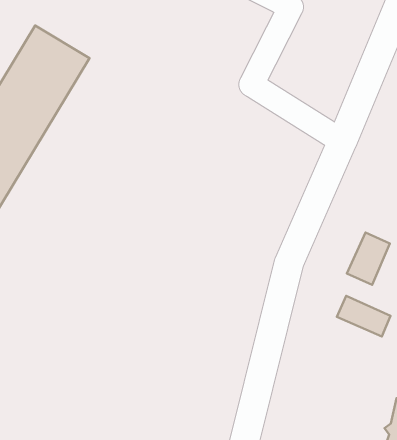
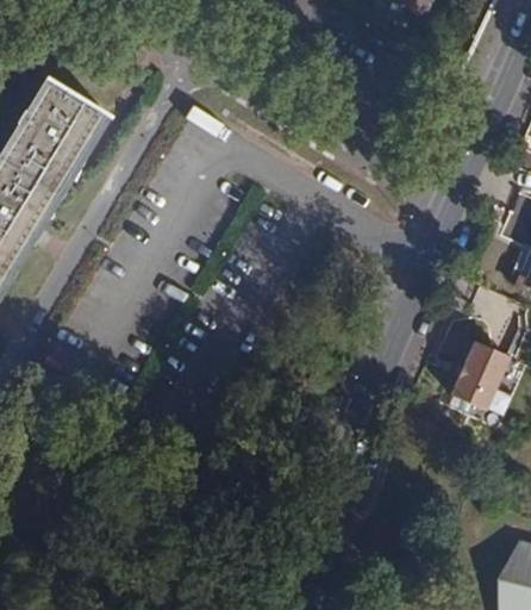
building: [337,296,390,337] -> none

